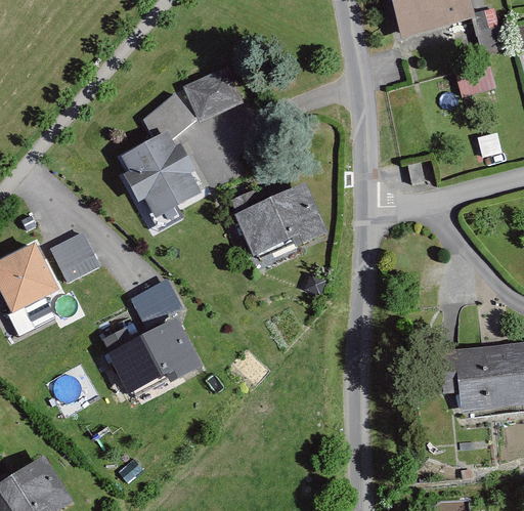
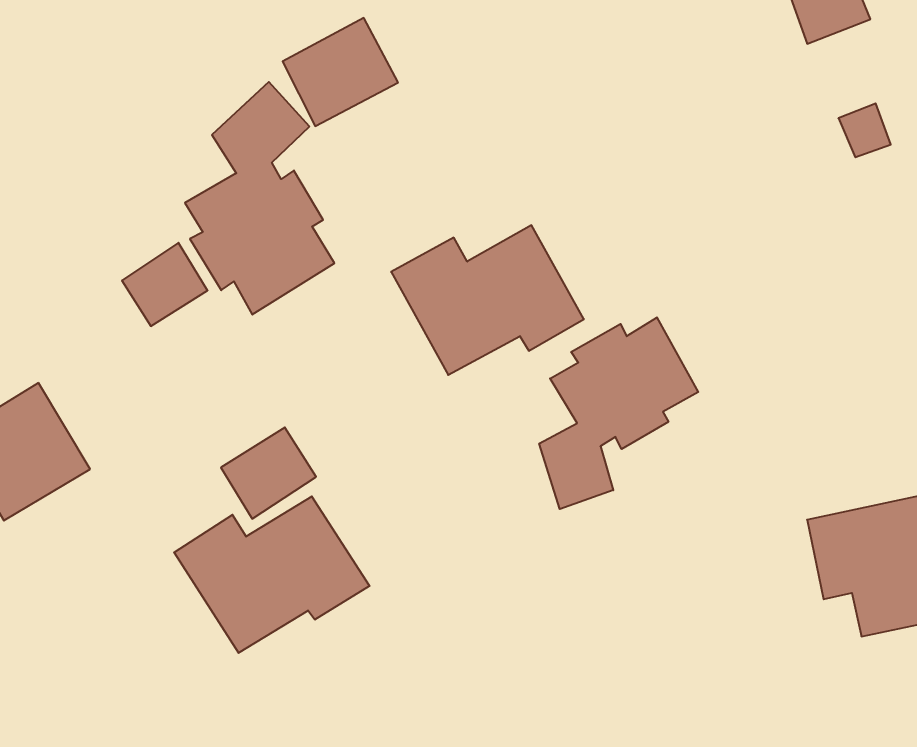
building: [49,231,94,274] -> [122,243,208,326]
building: none -> [539,317,698,509]

